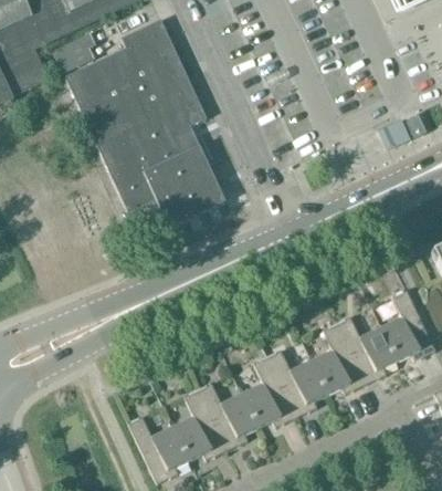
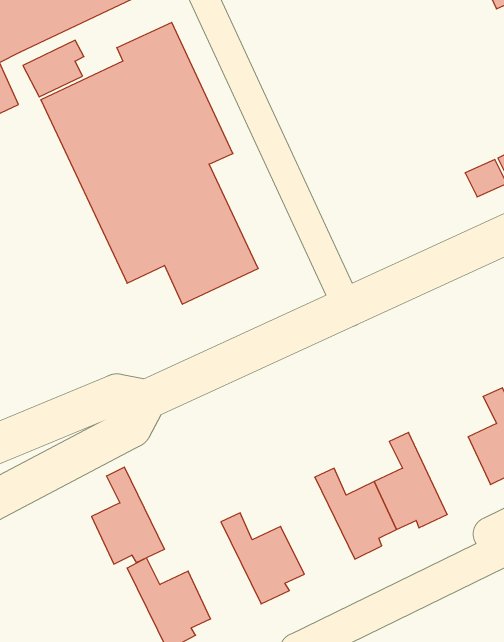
building: [336,316,397,384] -> none
building: [241,356,296,428] -> none
building: [172,389,227,461] -> [92,467,165,564]

